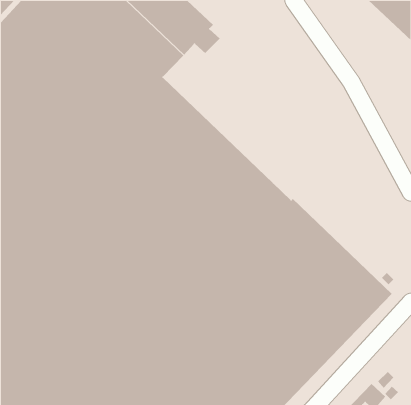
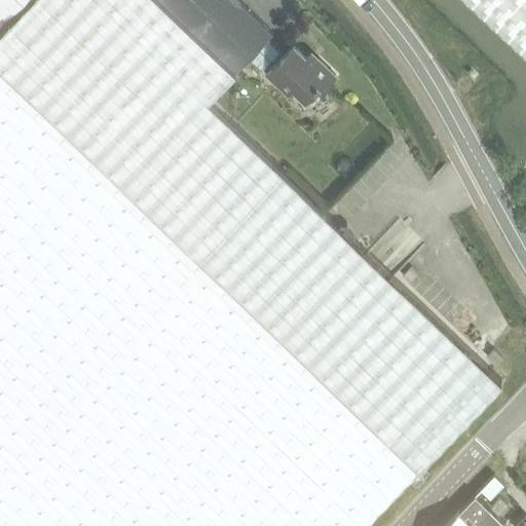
building: none -> [264,52,335,107]

